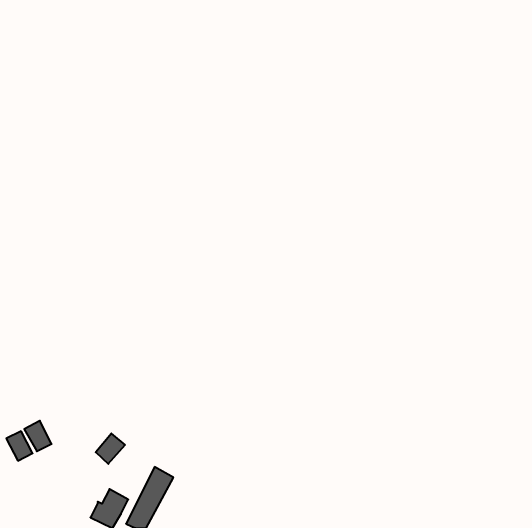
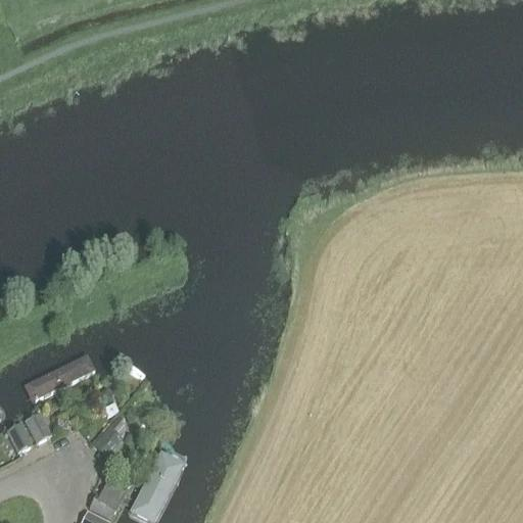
building: none -> [25,359,89,403]

